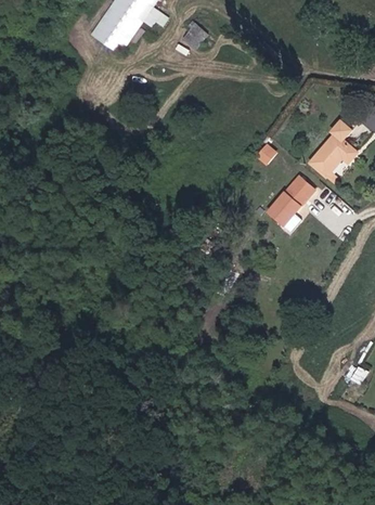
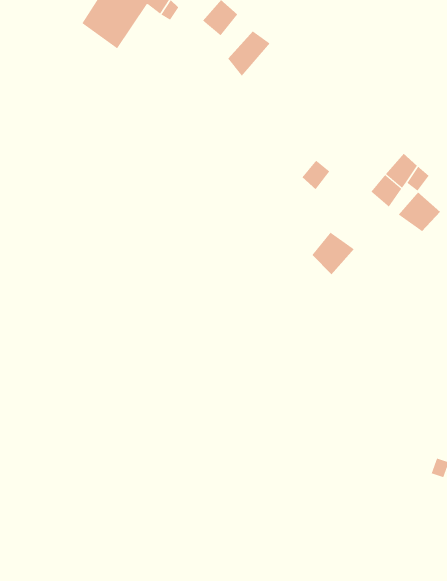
building: none -> [227,31,271,76]
building: [280,176,312,206] -> [398,192,441,232]

